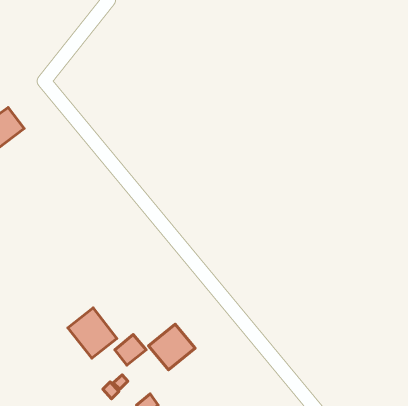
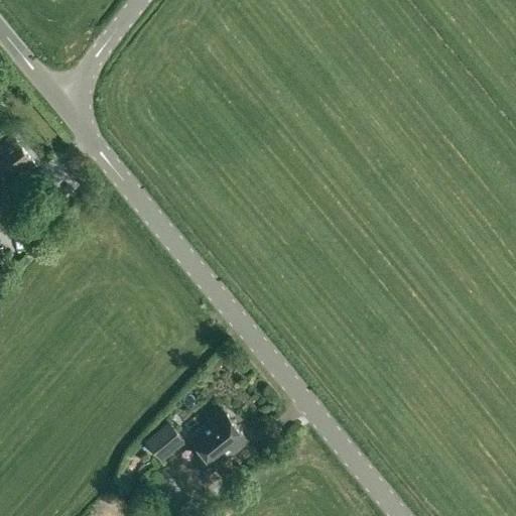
building: [68,308,117,358] -> none

